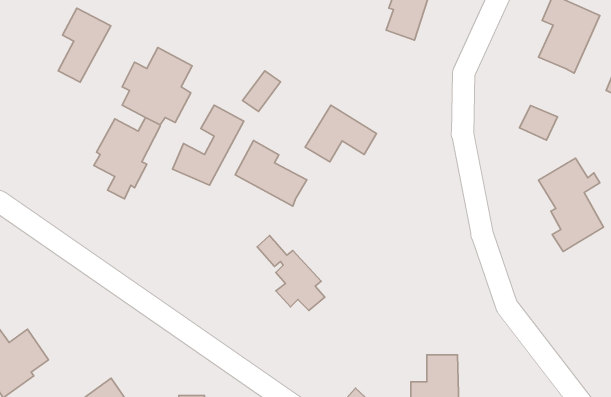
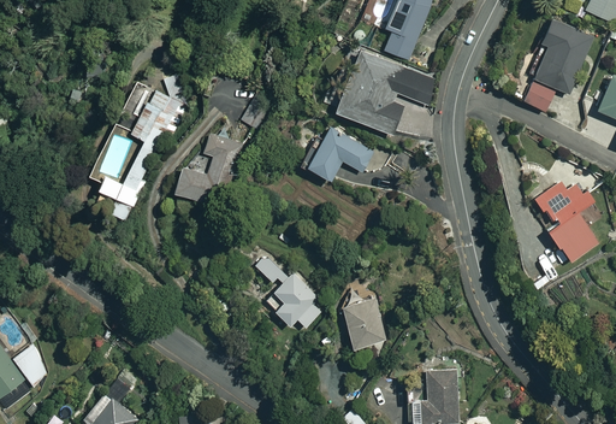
building: [58,8,111,82] -> none
building: none -> [330,48,436,136]
building: [519,106,558,140] -> [522,80,559,113]
building: [235,141,307,206] -> none
building: none -> [346,299,387,347]

